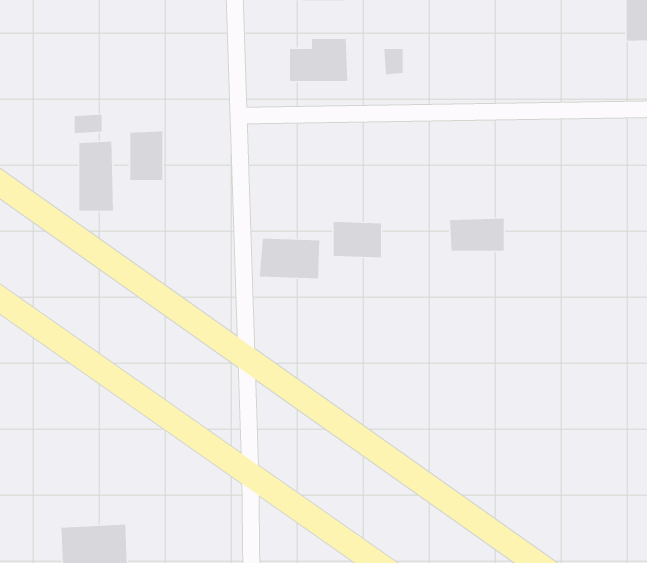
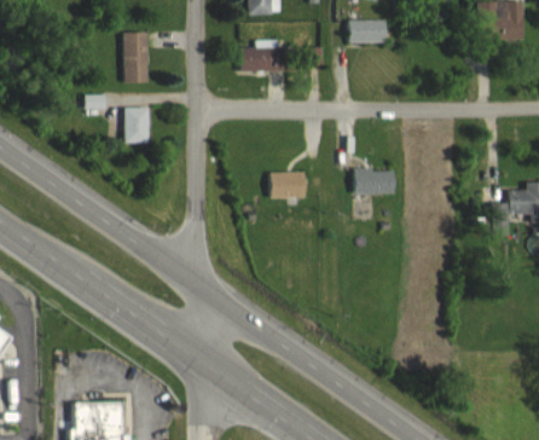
building: none -> [348,19,386,42]
building: [78,141,114,212] -> [123,31,149,82]
building: [259,238,320,279] -> none

